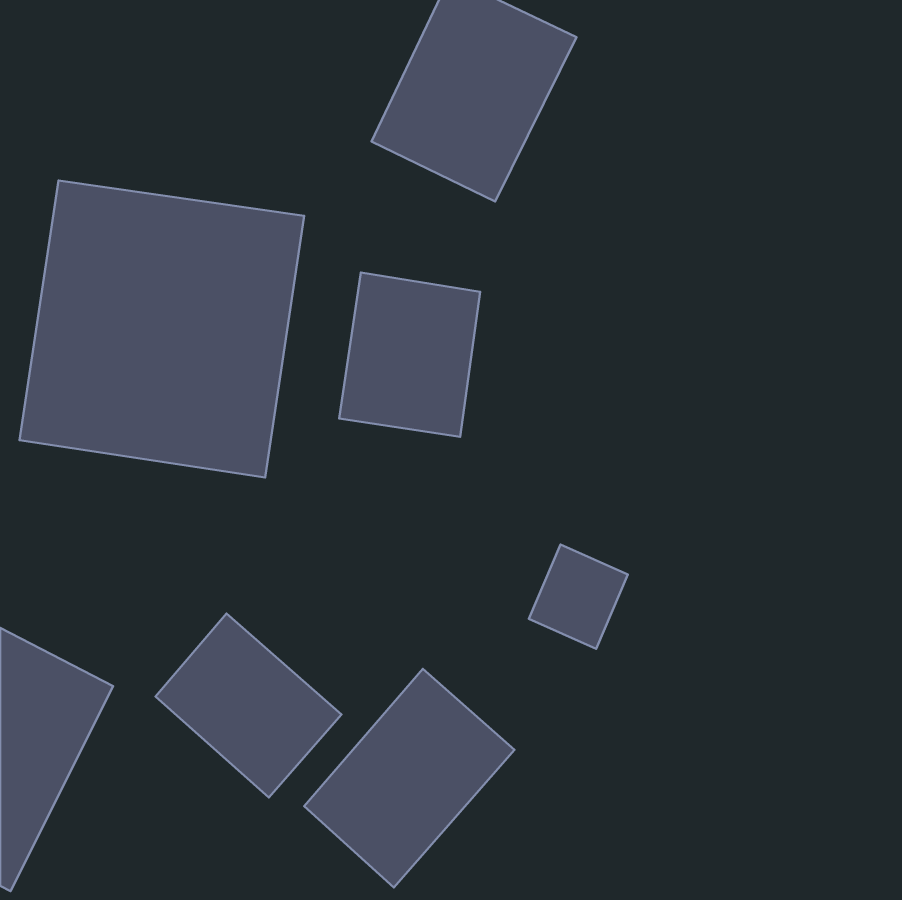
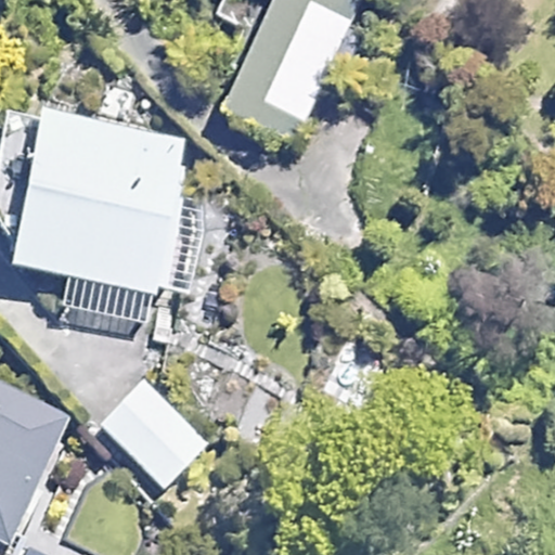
building: [339,272,480,437] -> none
building: [304,669,515,887] -> none

